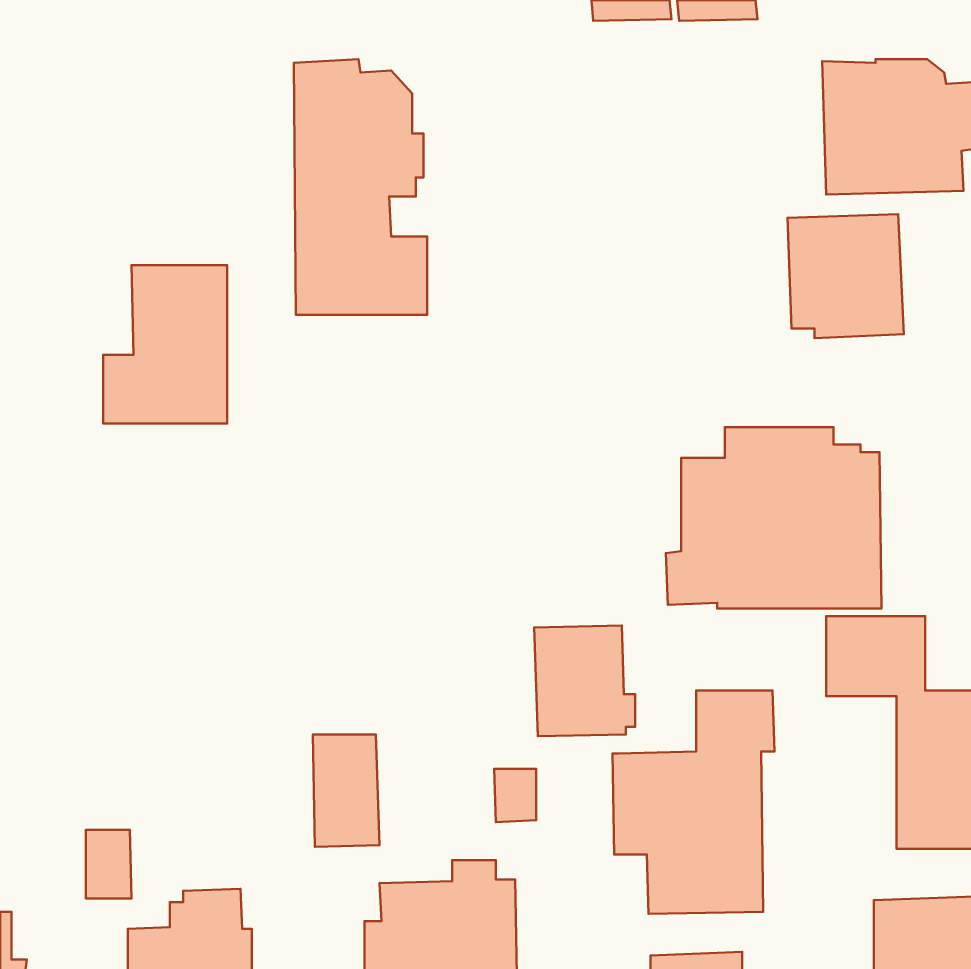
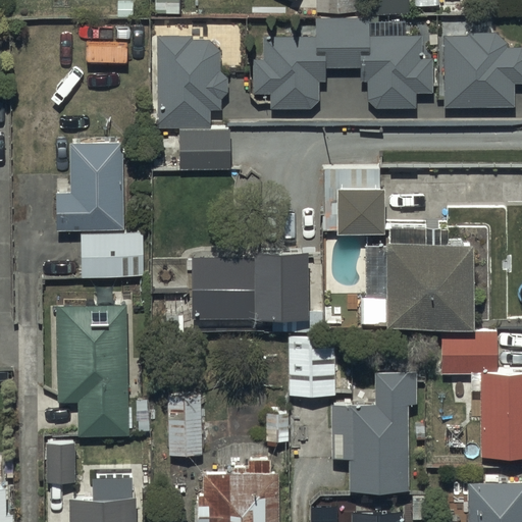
building: none -> [253,17,431,110]
building: [788,214,904,338] -> [322,169,384,236]
building: none -> [83,234,146,277]
building: none -> [193,252,306,319]
building: none -> [58,308,130,437]

